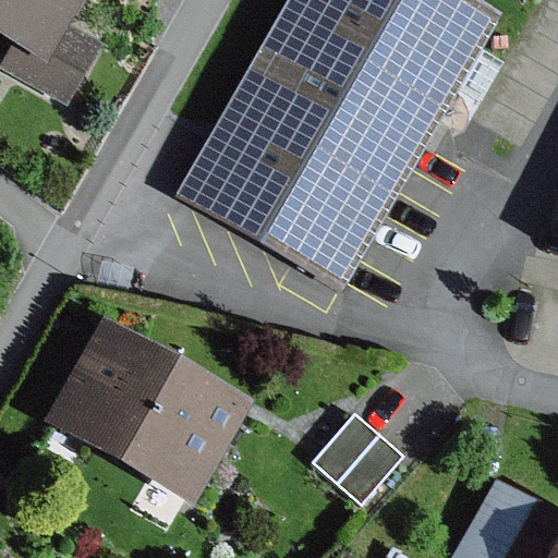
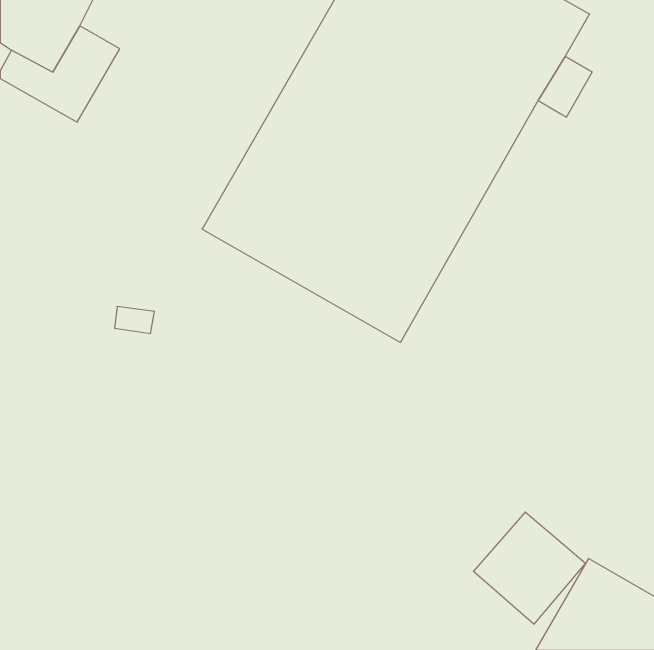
building: [45,315,253,504] -> none
building: [313,409,408,504] -> [474,512,586,624]

